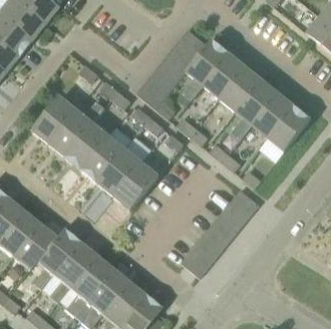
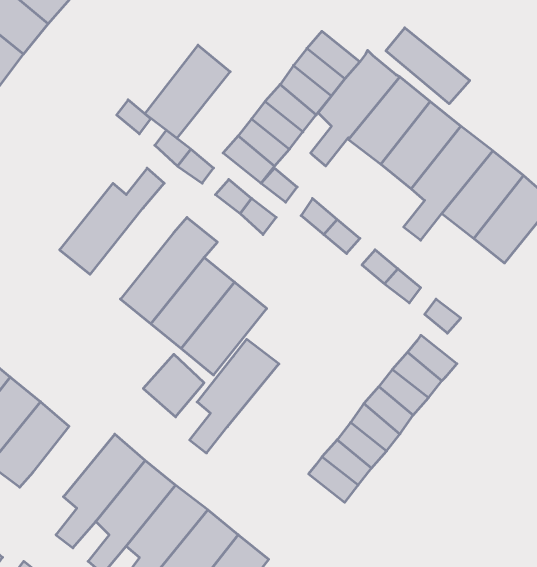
building: none -> [386,28,470,104]
building: [33,95,78,144] -> [145,45,230,138]
building: [66,122,110,171] -> none
building: [32,229,79,289] -> [190,339,279,453]

